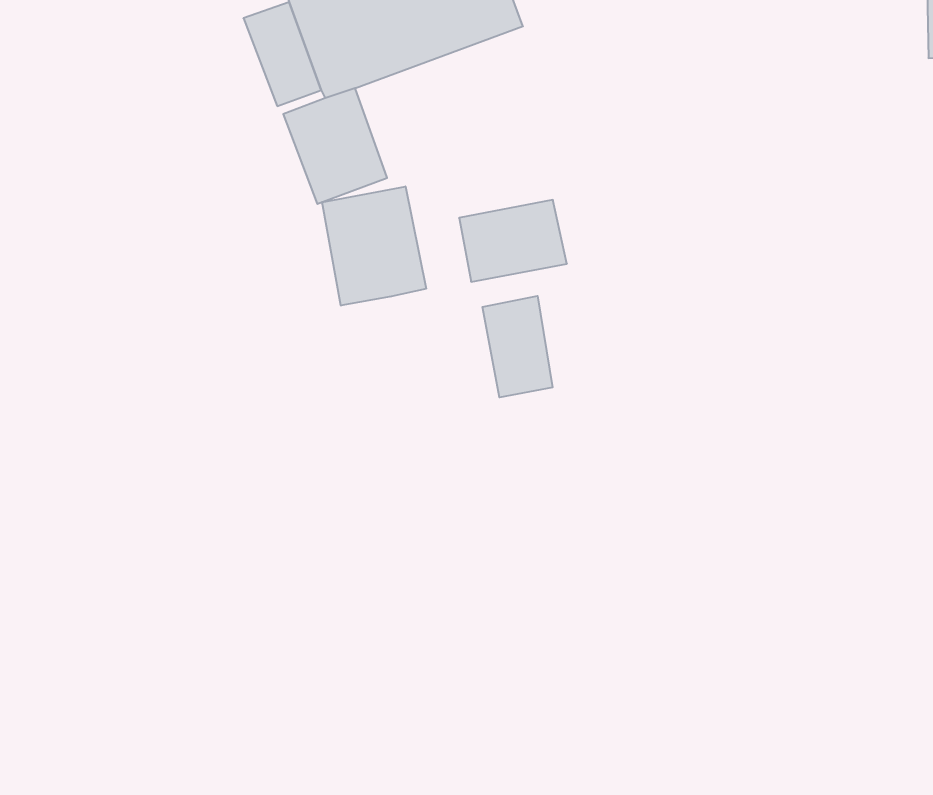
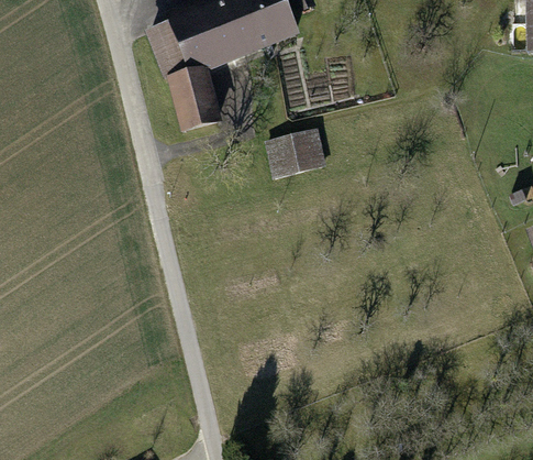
building: [322,186,426,306] -> none
building: [482,296,553,397] -> none

